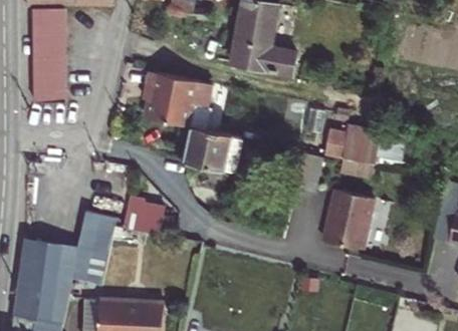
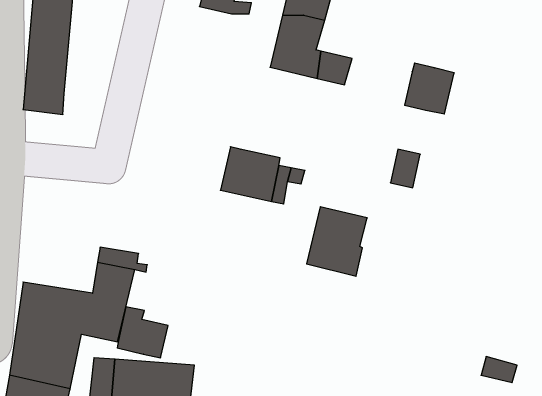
building: [139,68,206,128] -> none
building: [340,125,381,167] -> [405,63,454,114]
building: [125,195,166,236] -> [117,307,168,358]
building: [323,195,373,251] -> [307,207,367,276]

